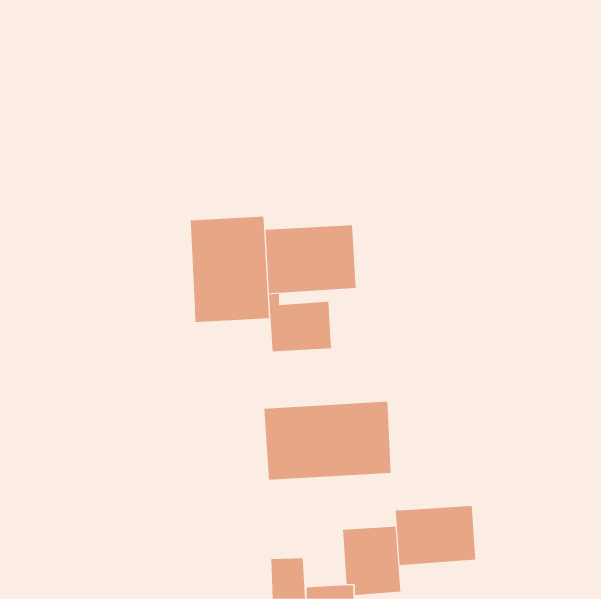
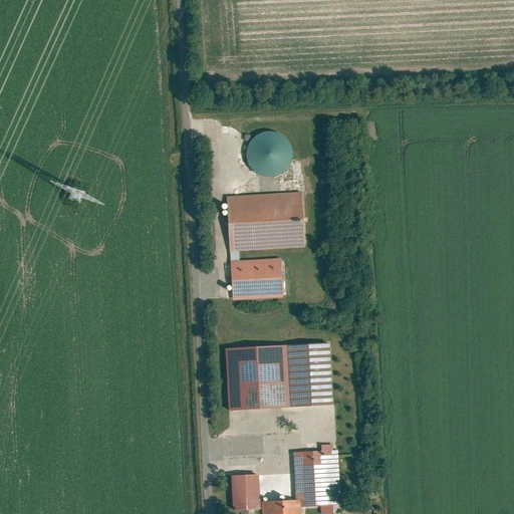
building: none -> [245,133,291,178]
building: [190,216,270,323] -> none
building: [395,505,476,566] -> none

